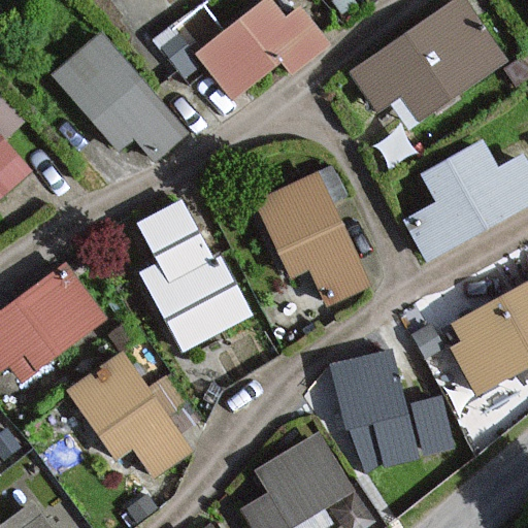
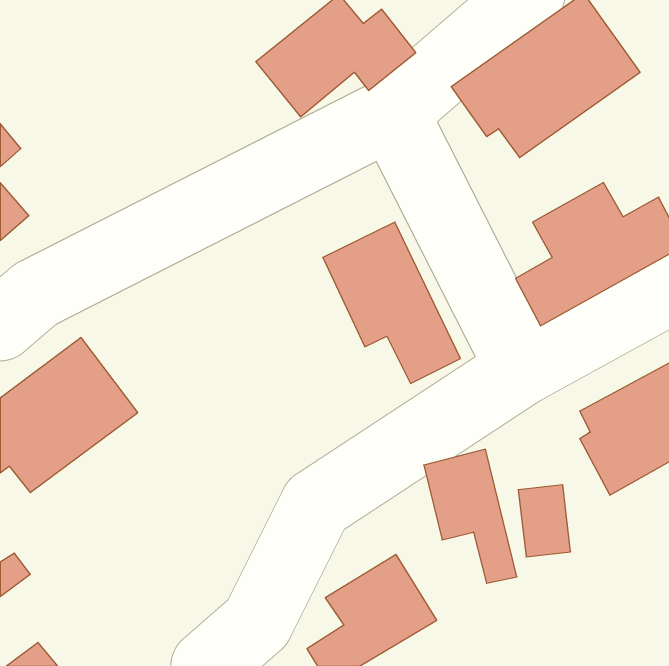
building: [56,33,188,159] -> none
building: [135,200,245,346] -> none
building: [68,359,189,481] -> none

